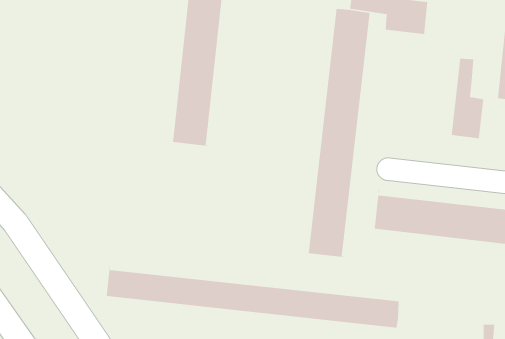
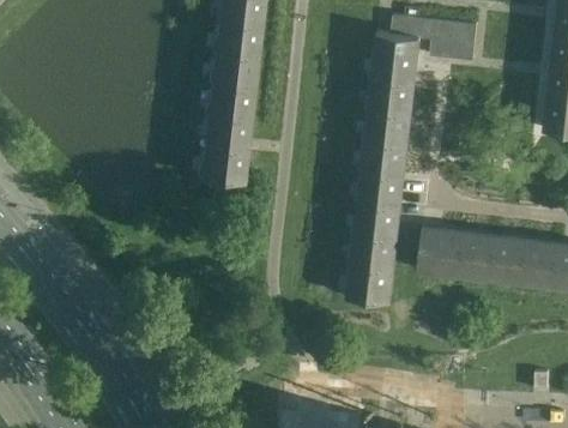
building: [451,58,484,139] -> none
building: [106,264,399,329] -> none

